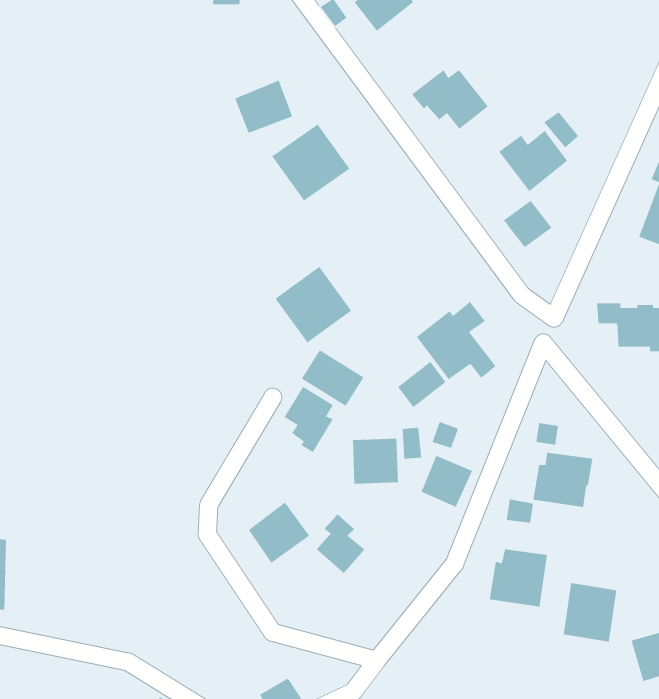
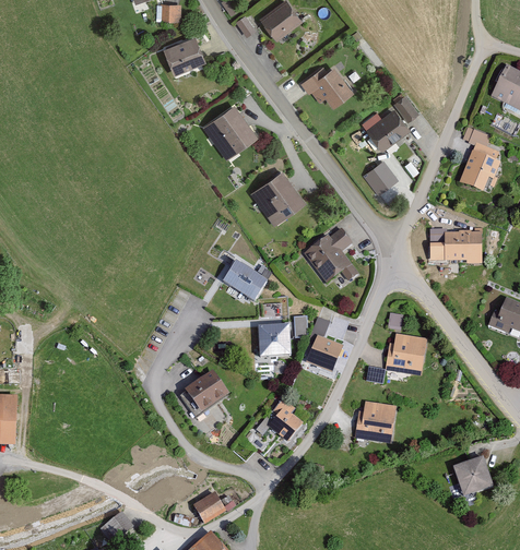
building: [234,79,293,134] -> [163,35,204,73]
building: [274,266,352,344] -> [250,170,305,225]
building: [397,361,446,408] -> none
building: [284,386,334,453] -> none
building: [316,514,366,574] -> [268,399,303,442]
building: [563,582,617,642] -> none

